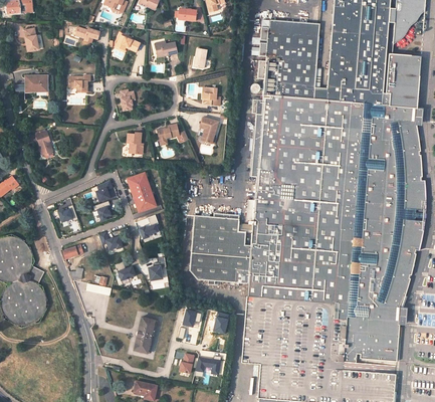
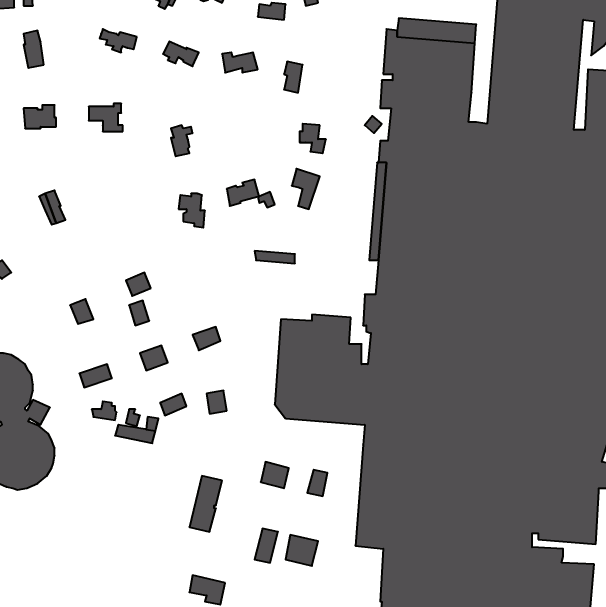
building: [128,172,155,210] -> none

